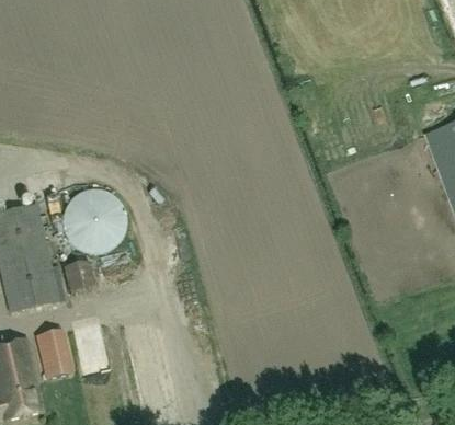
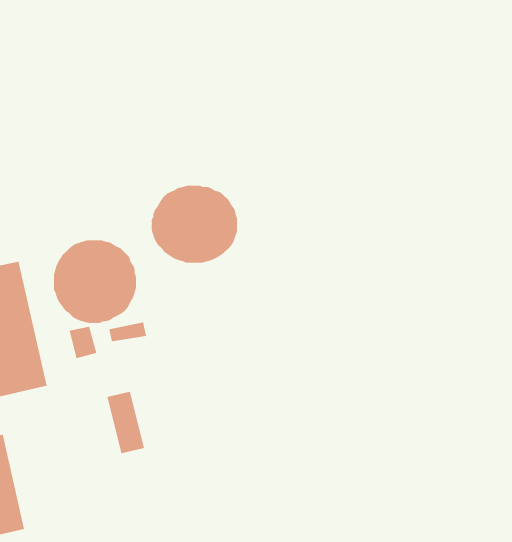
building: none -> [151,185,238,263]
building: [38,330,68,378] -> [107,391,145,454]

